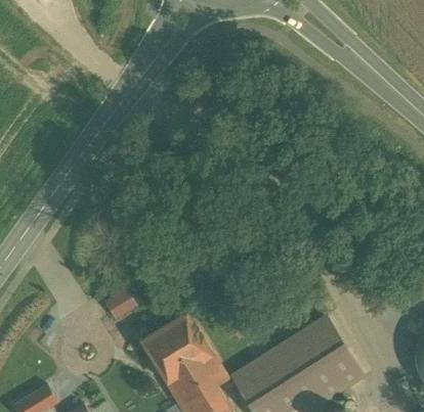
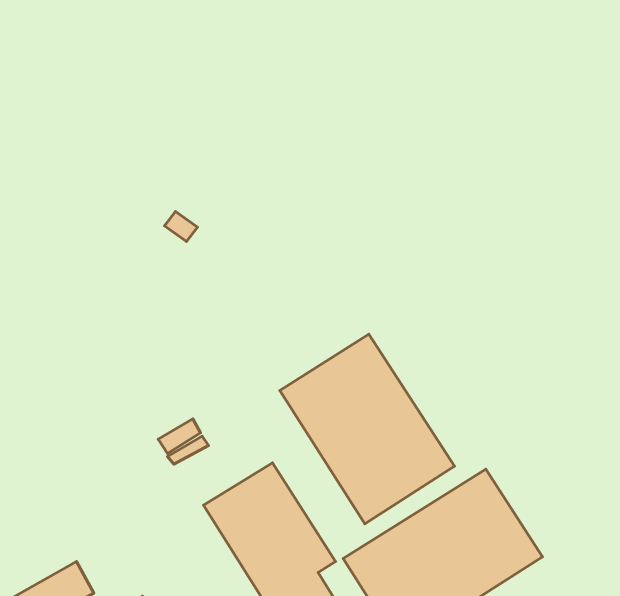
building: none -> [280,334,454,524]

